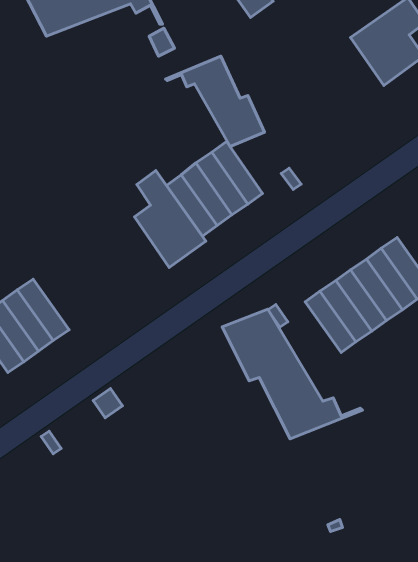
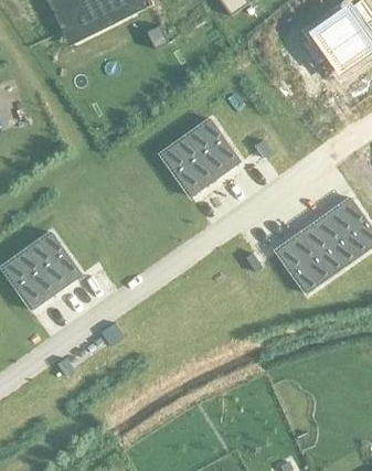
building: [166,56,265,146] -> none
building: [134,171,206,267] -> none
building: [222,309,363,439] -> none

